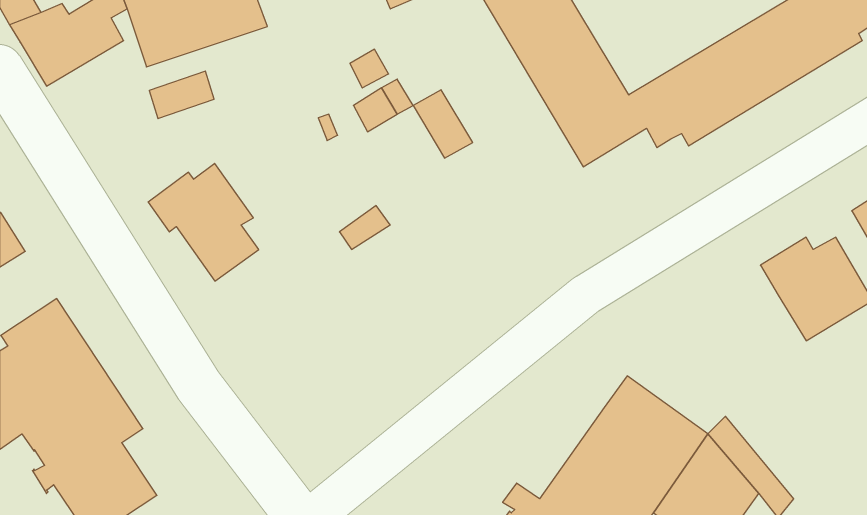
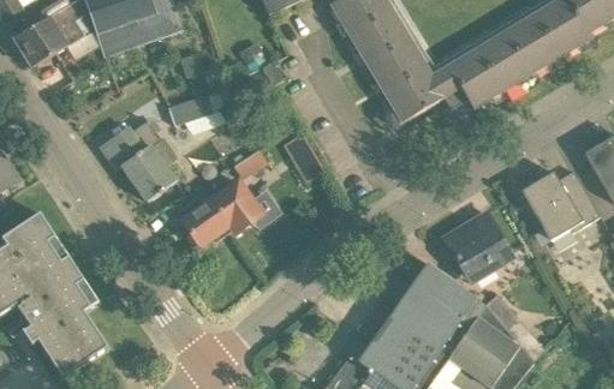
building: [149,71,214,119] -> [168,94,213,126]
building: [413,90,473,158] -> [284,134,324,181]
building: none -> [181,181,262,246]
building: none -> [447,213,513,285]

